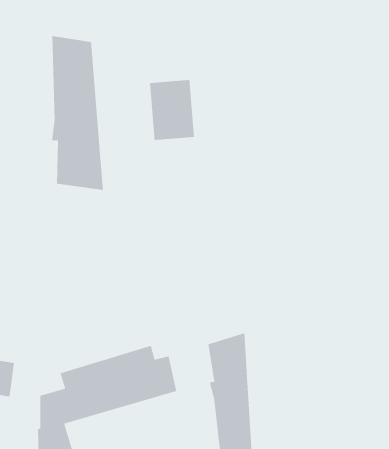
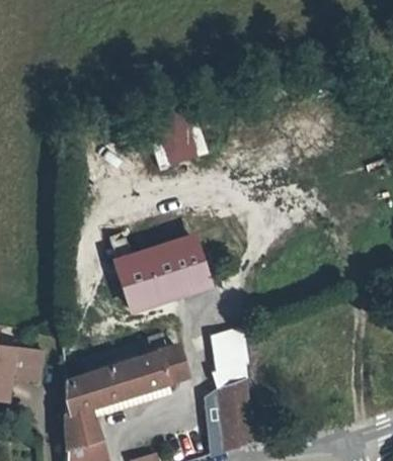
building: [51,35,104,191] -> none
building: none -> [120,239,213,310]

